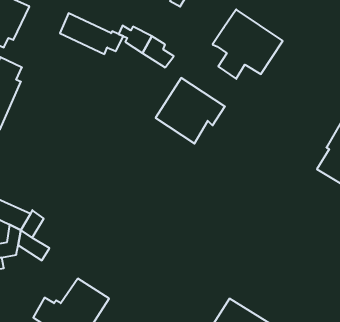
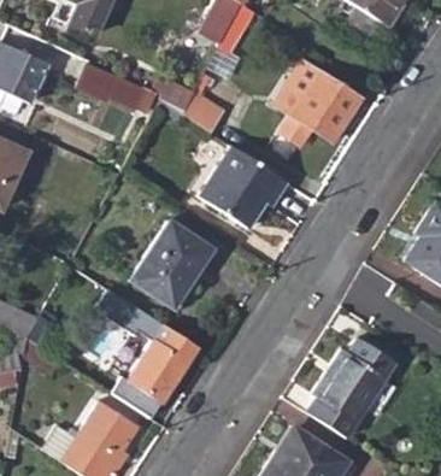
building: none -> [130,219,213,306]
building: none -> [96,287,198,417]
building: none -> [308,336,398,437]

